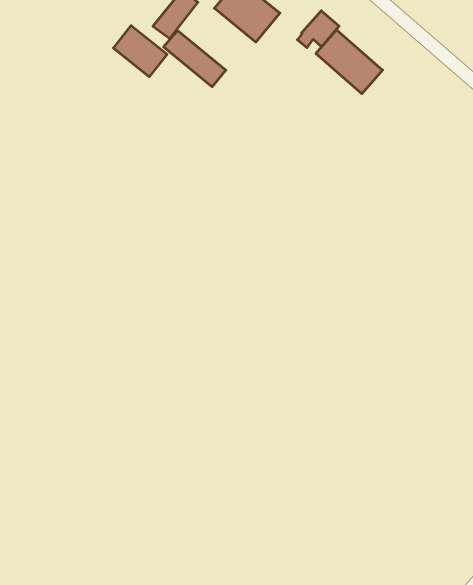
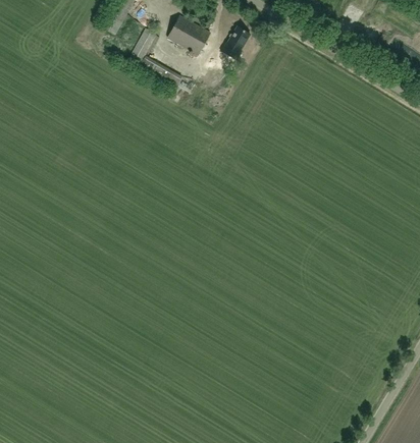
building: [113,26,167,77] -> none
building: [316,30,383,94] -> none

